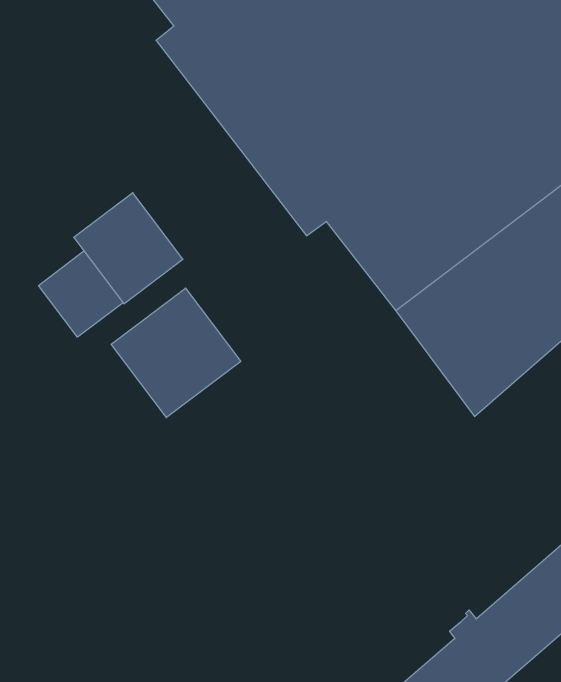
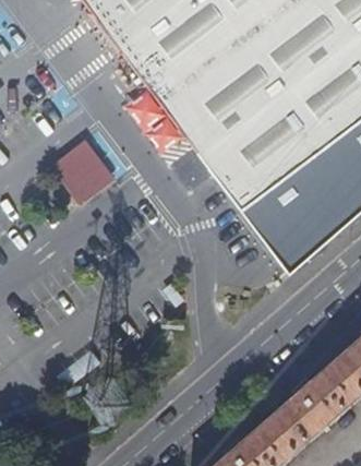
building: [39,251,123,337] -> none
building: [111,288,241,418] -> none

